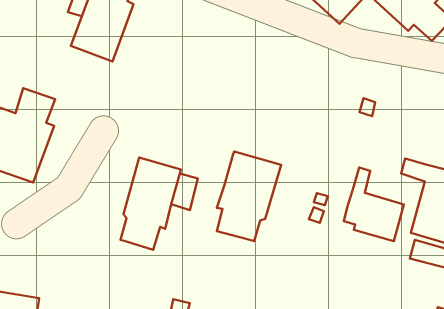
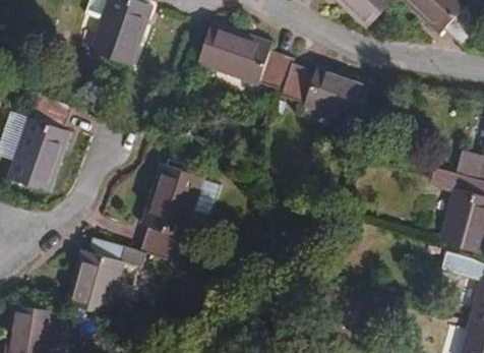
building: none -> [194,23,366,124]
building: [217,151,281,241] -> none
building: [344,168,404,241] -> none
building: none -> [69,237,146,315]

